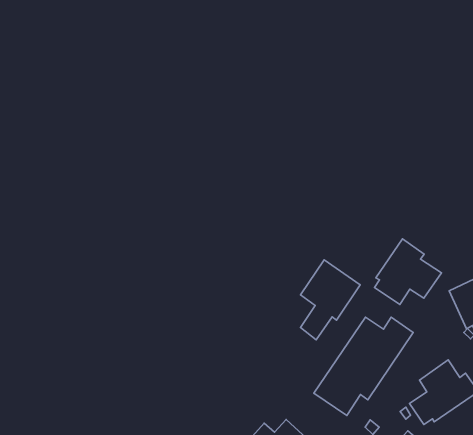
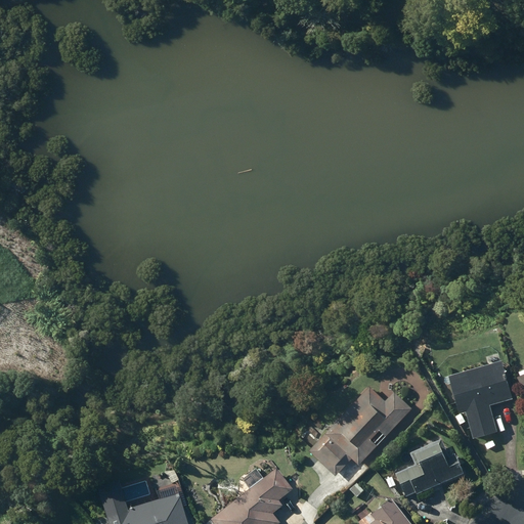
building: [374,239,441,305] -> none
building: [300,260,360,340] -> none

